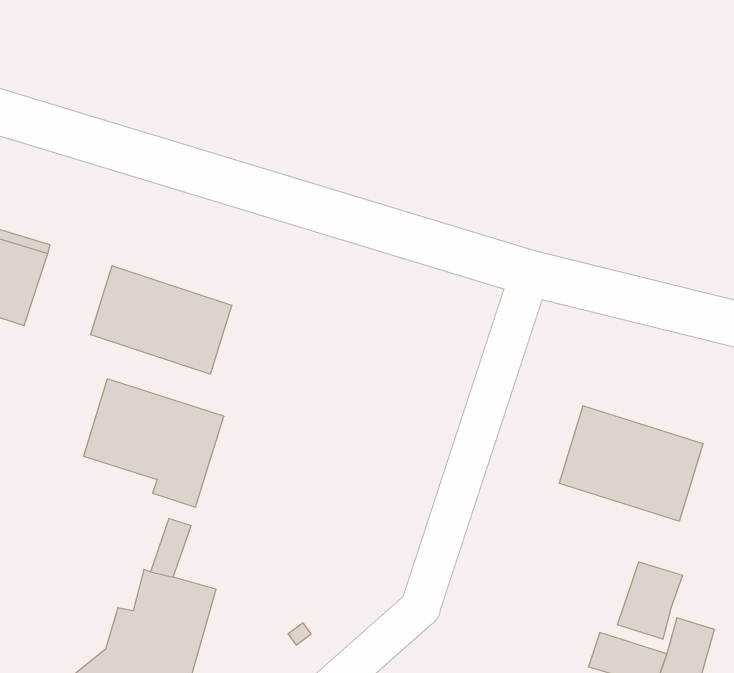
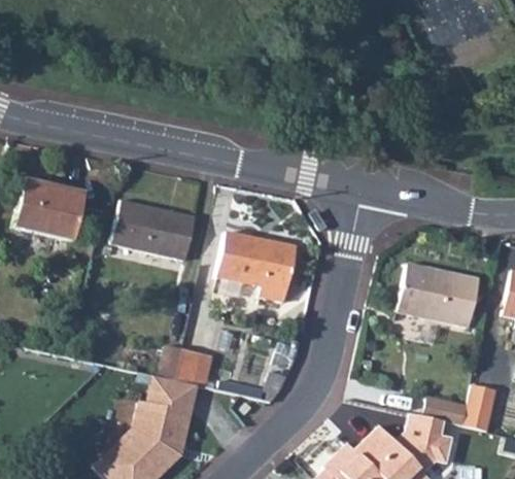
building: [83,379,224,507] -> [216,232,297,303]
building: none -> [174,351,211,387]
building: [618,562,682,639] -> none

